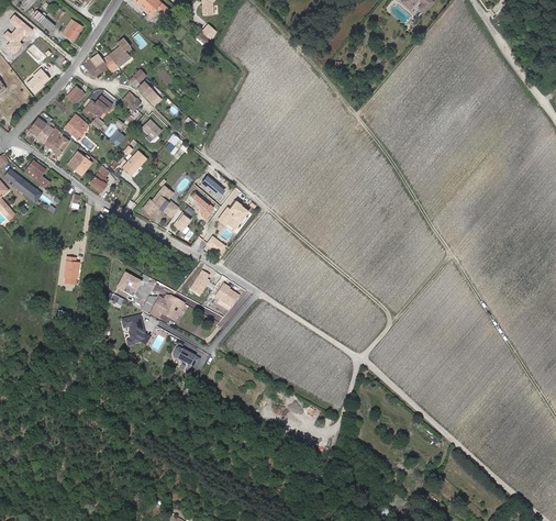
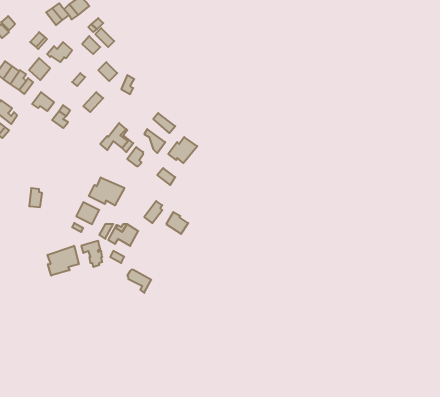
building: none -> [89,177,124,205]
building: none -> [48,246,79,276]

